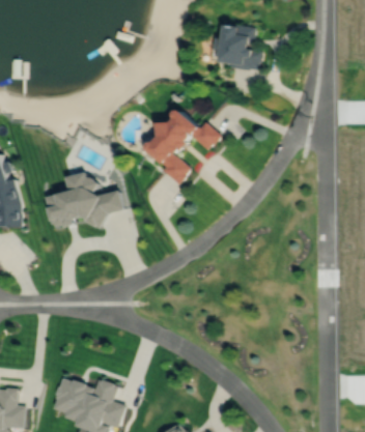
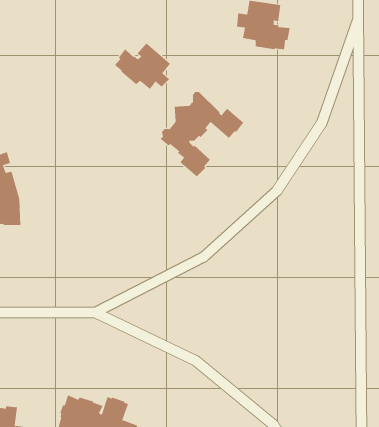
building: none -> [114,43,171,90]
building: [44,171,122,227] -> none

